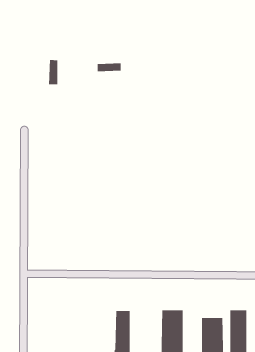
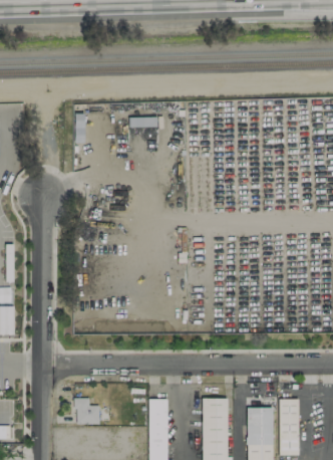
building: none -> [75,399,100,425]

